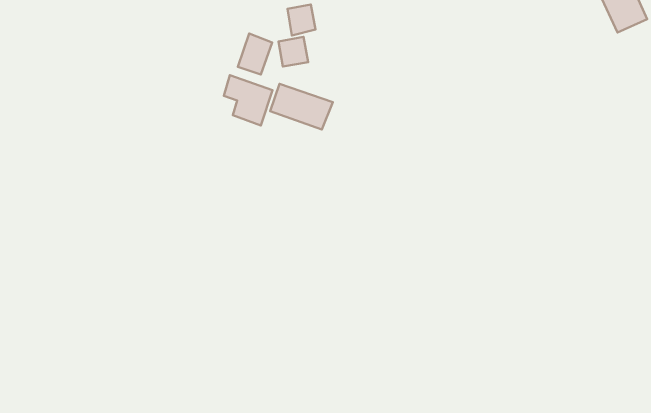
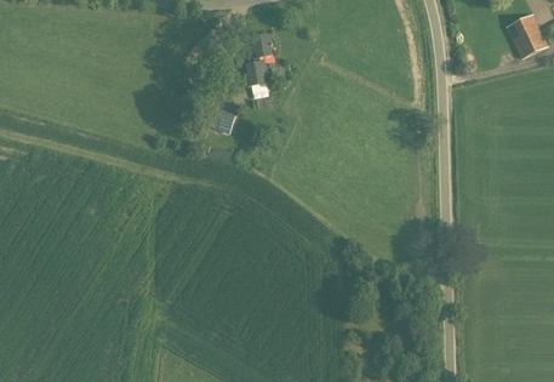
building: [238,33,272,75] -> none
building: [270,84,333,129] -> none

